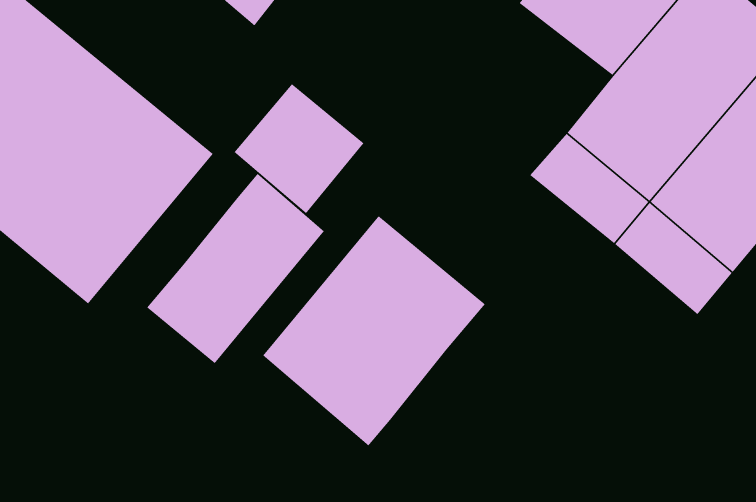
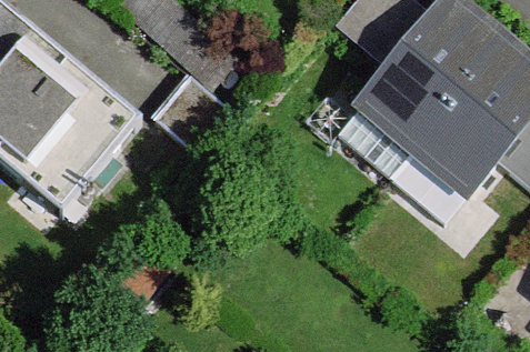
building: [146,173,325,364] -> none
building: [262,215,486,446] -> none

